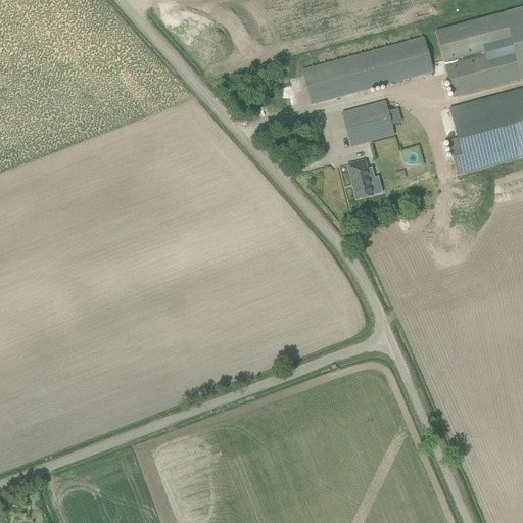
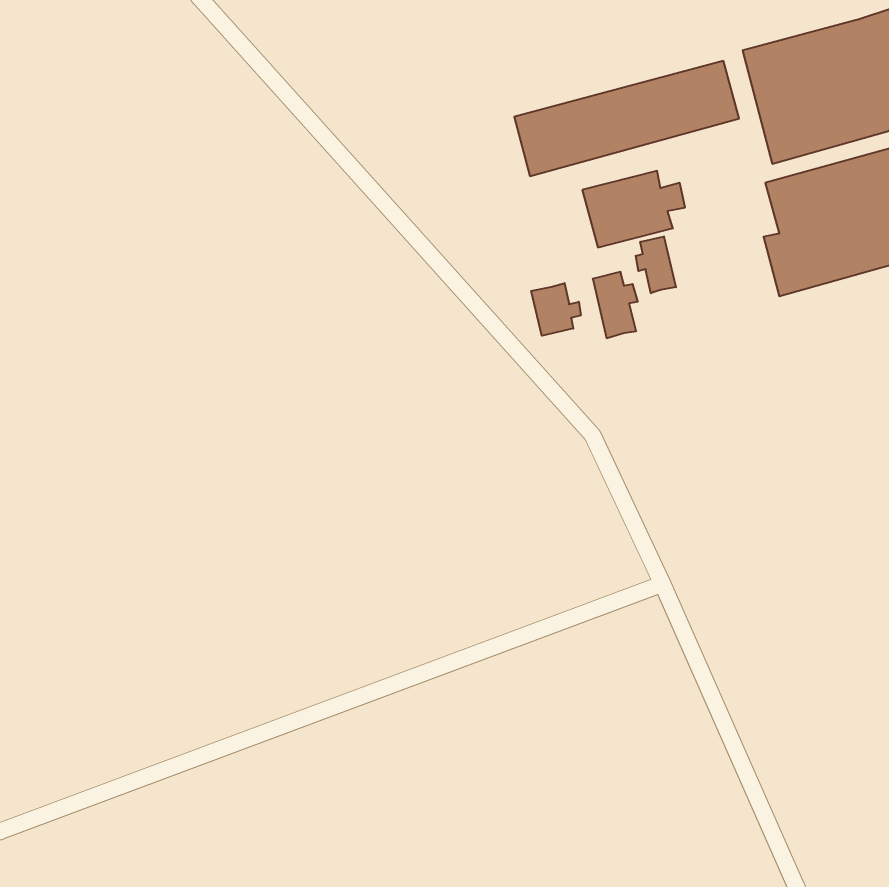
building: none -> [636,236,676,293]
building: none -> [531,283,581,336]

